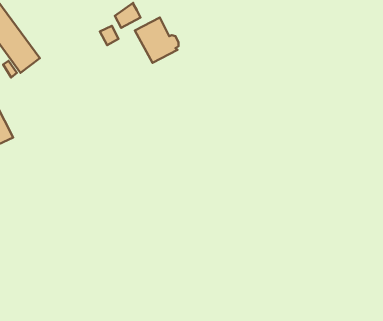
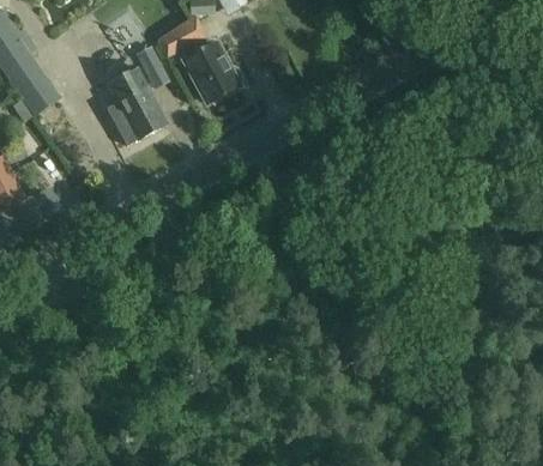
building: none -> [105,65,167,143]

